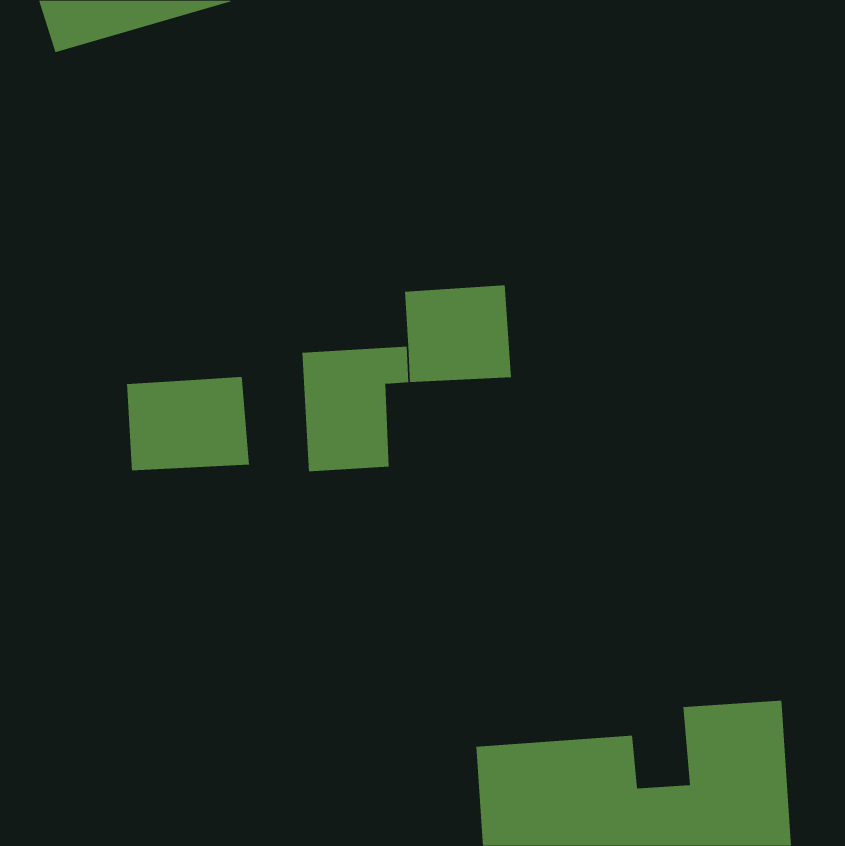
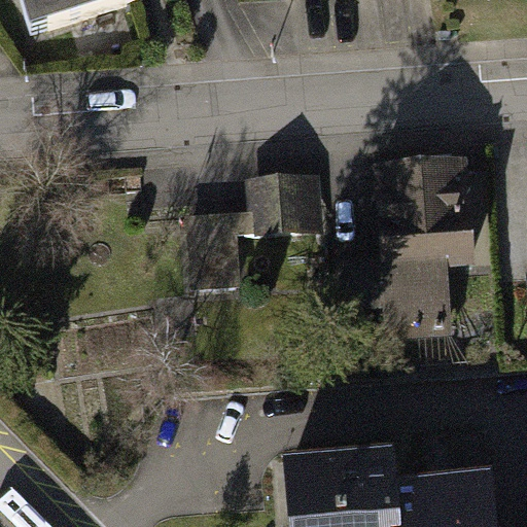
building: none -> [376,165,476,341]
building: [127,376,249,471] -> none

